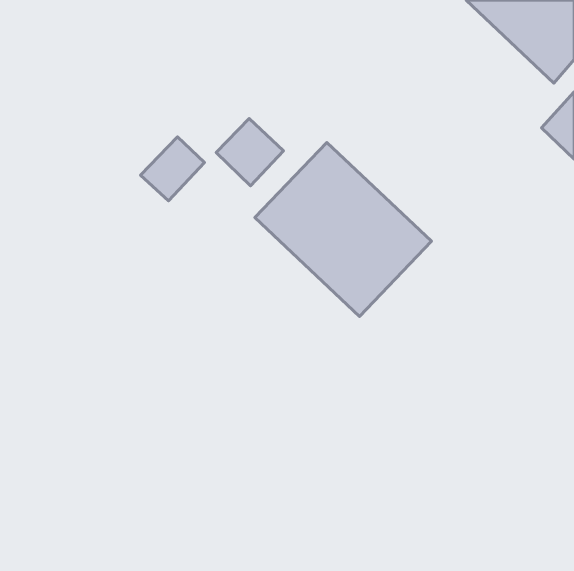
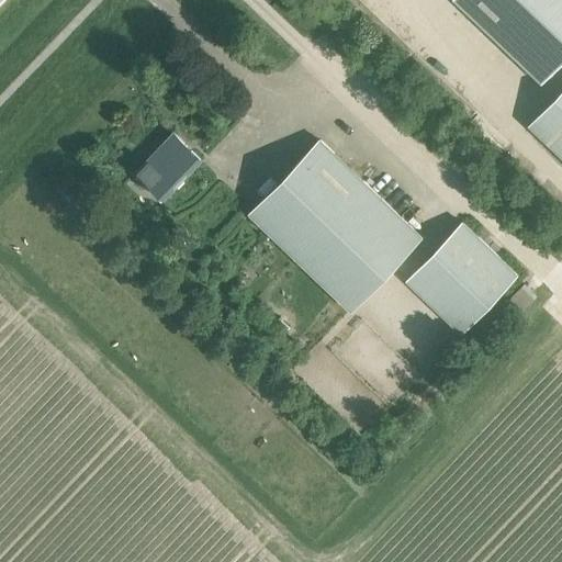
building: [216,118,283,186] -> none
building: none -> [407,224,517,334]

